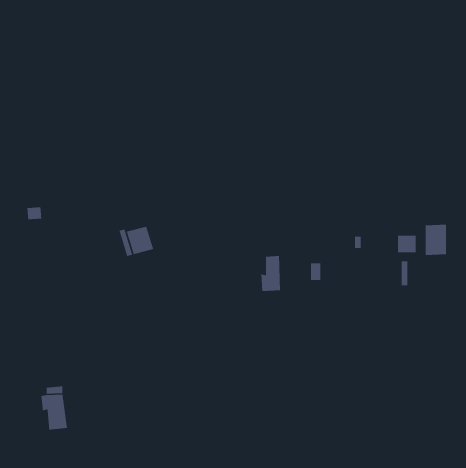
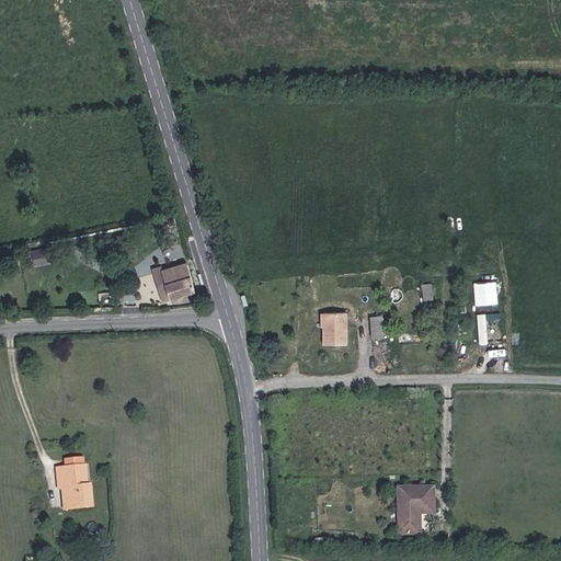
building: [425,224,447,256] -> none
building: none -> [399,482,439,534]

